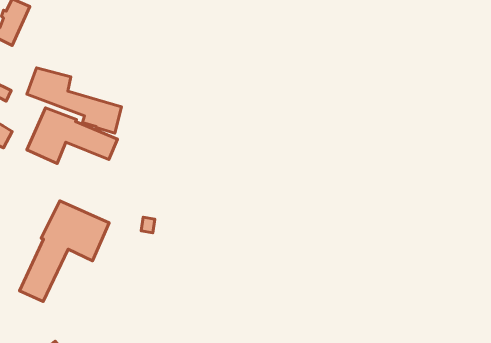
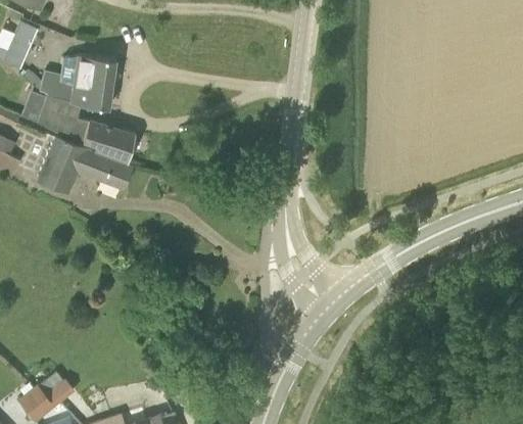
building: none -> [39,54,115,107]
building: [19,201,109,302] -> none

